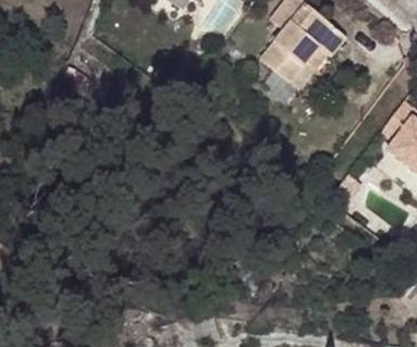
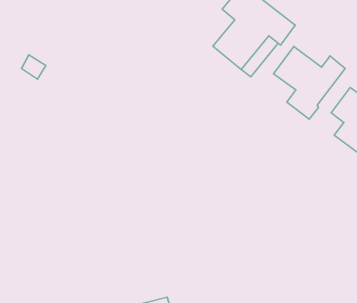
building: none -> [274,46,345,119]

